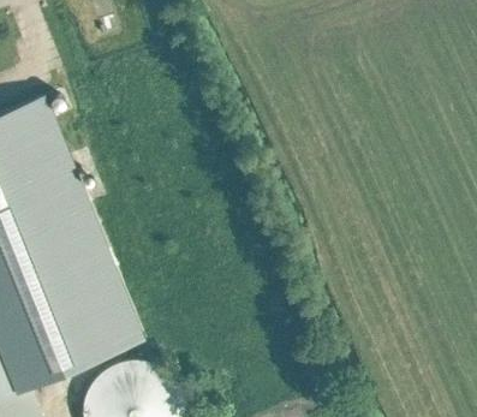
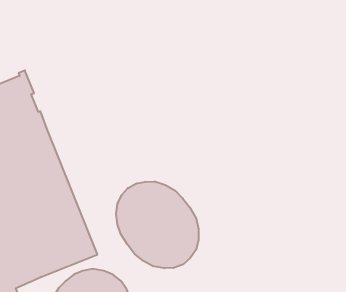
building: none -> [116,181,199,268]

